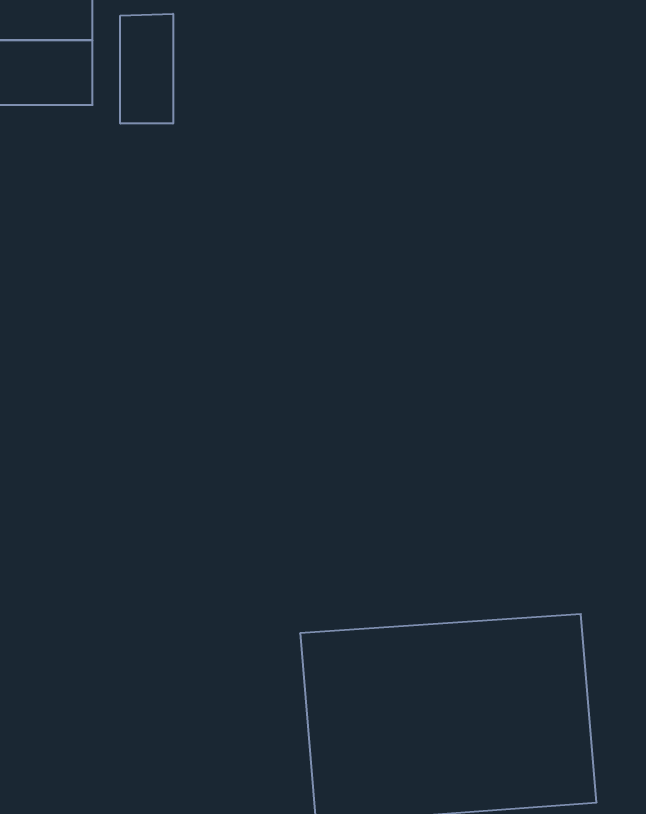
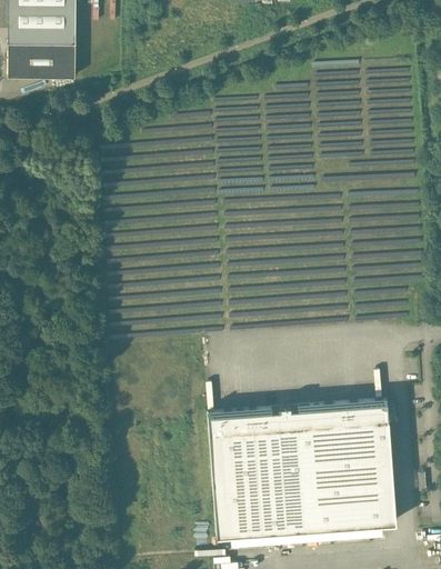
building: [120,14,173,124] -> none

